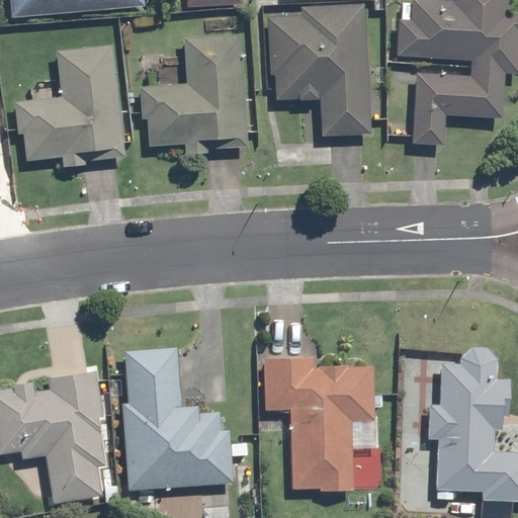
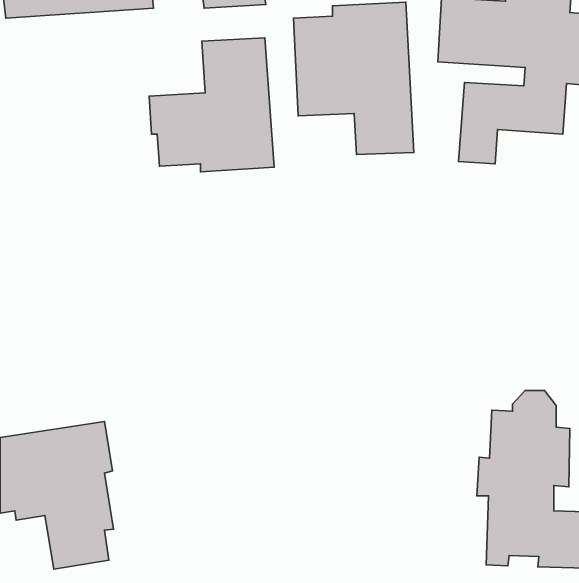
building: [13,44,125,166] -> none
building: [120,346,233,490] -> none
building: [262,356,377,493] -> none

